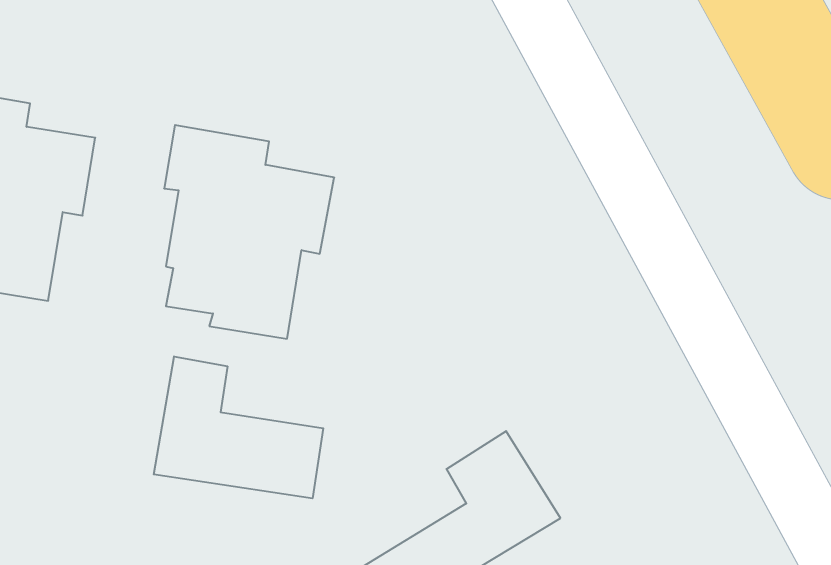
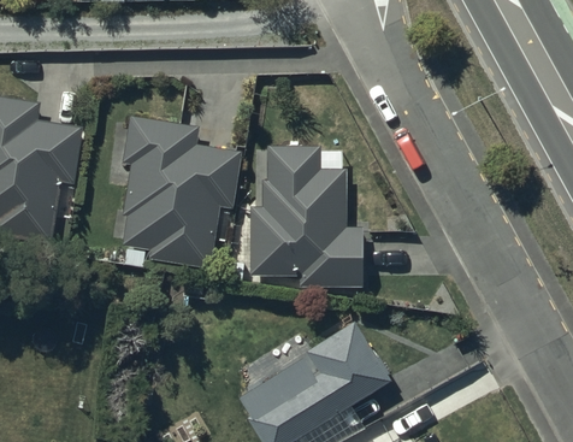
building: none -> [253,147,361,285]
building: [154,356,323,498] -> none

